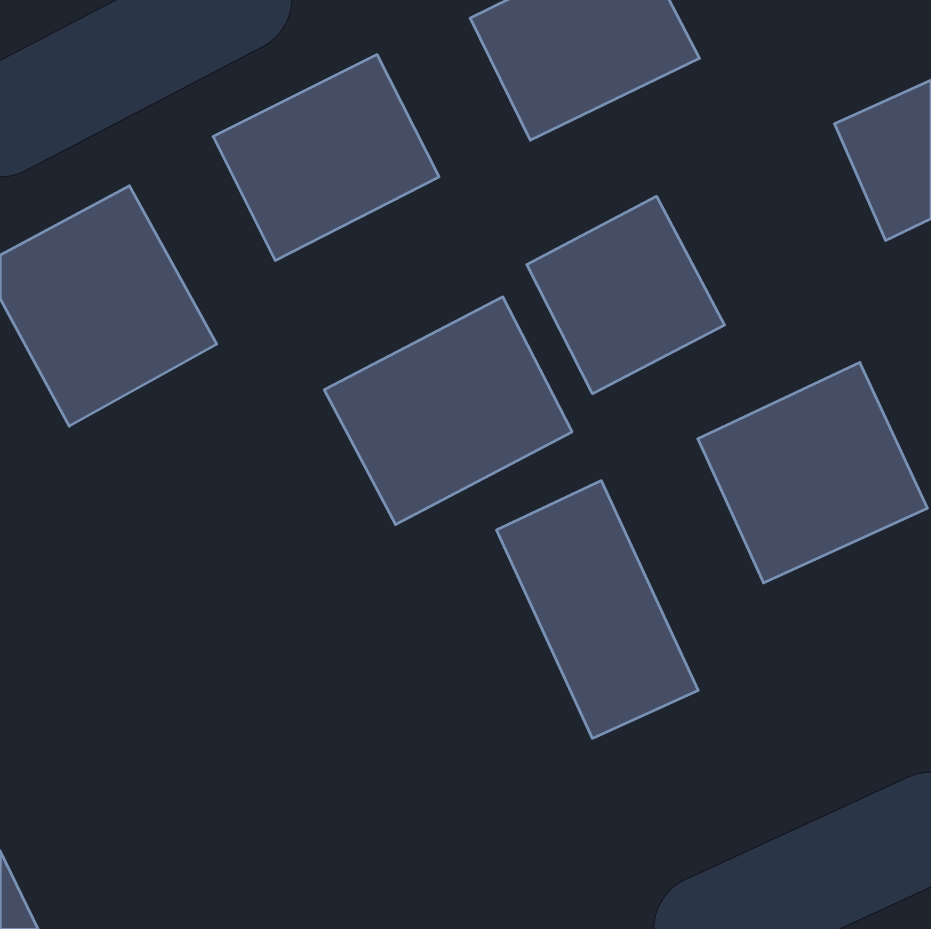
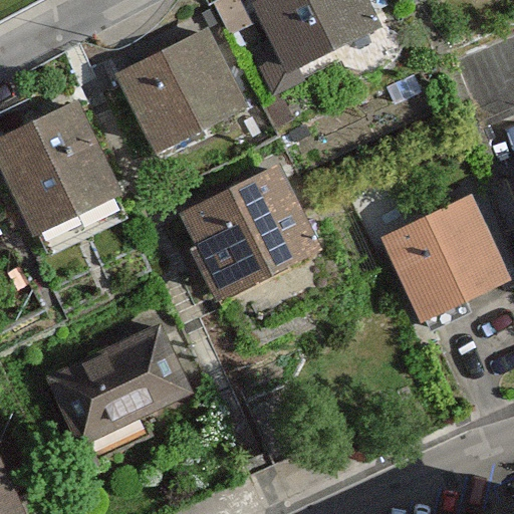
building: [527,196,725,394] -> none
building: [497,481,698,738] -> none
building: none -> [40,318,192,449]

